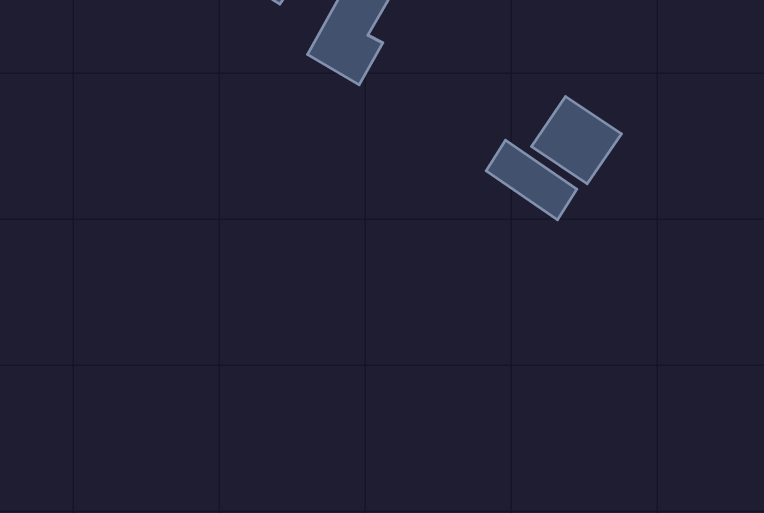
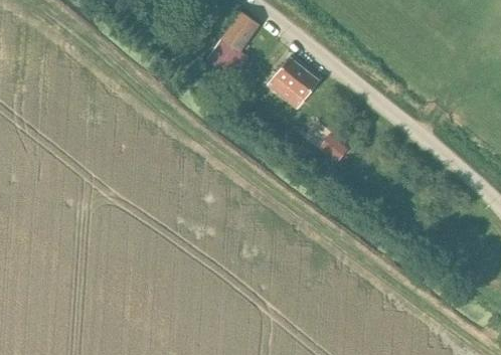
building: [531,97,621,184] -> [269,57,319,107]

